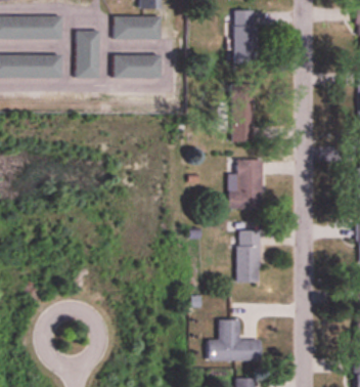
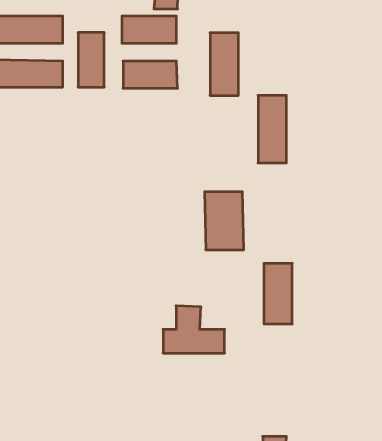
building: [233,9,258,63] -> [210,33,238,95]
building: [229,159,263,209] -> [205,192,244,250]
building: [208,319,261,360] -> [163,306,225,353]

